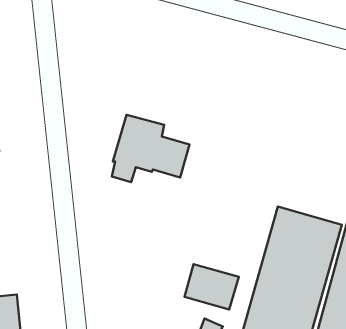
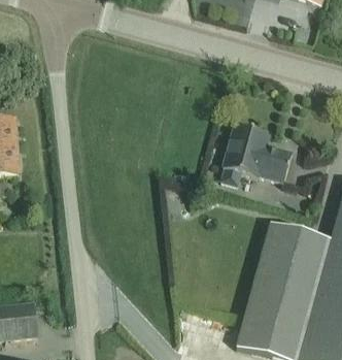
building: [112,115,189,182] -> [221,124,292,185]
building: [185,264,239,310] -> none

